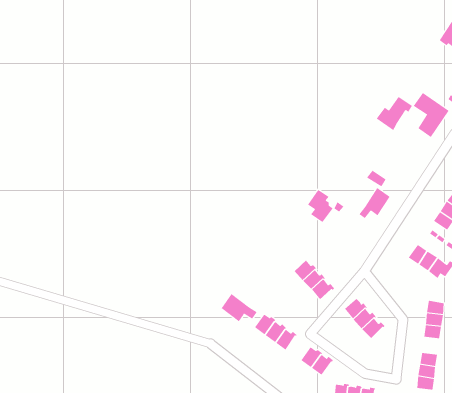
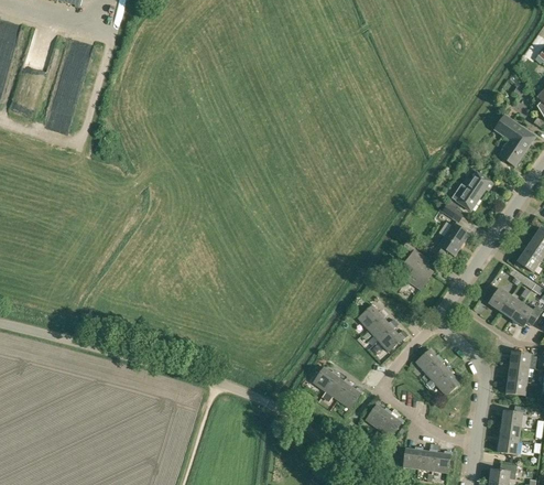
building: [376,96,413,131] -> [450,172,492,212]
building: [307,189,333,223] -> [402,250,432,289]
building: [221,293,257,322] -> none

